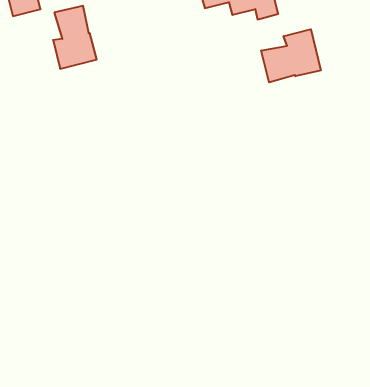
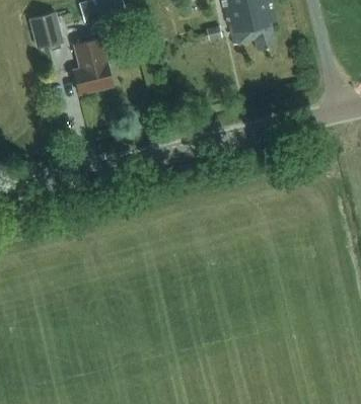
building: [261,29,321,82] -> none

